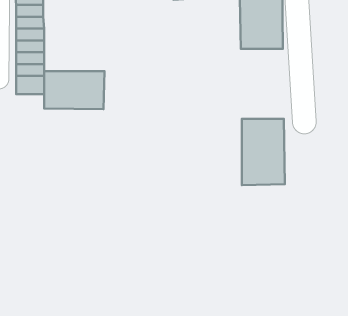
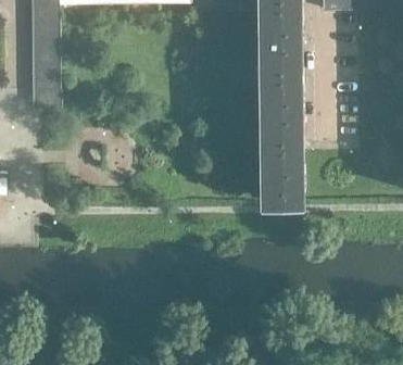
building: none -> [260,66,303,137]
building: [44,71,104,109] -> none

